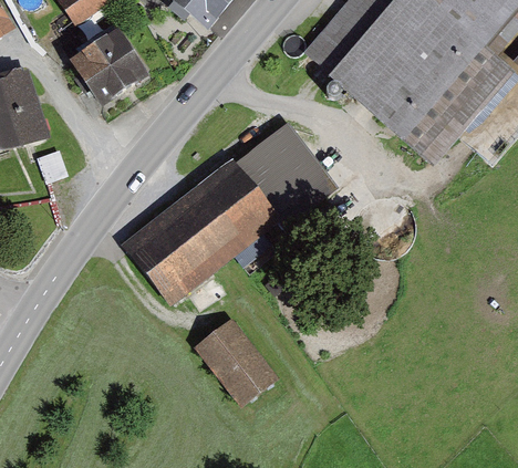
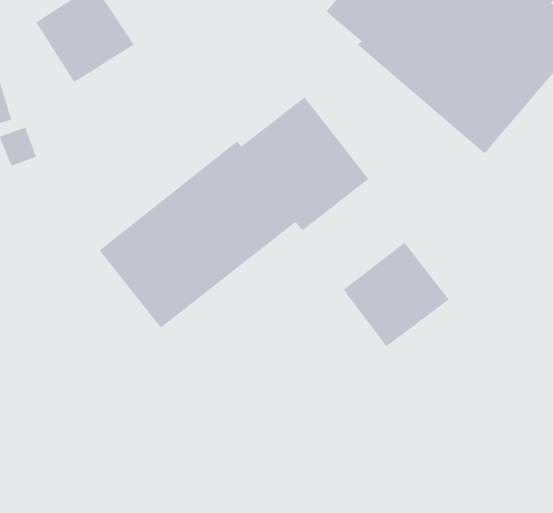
building: none -> [343,242,450,347]
building: [194,315,281,407] -> none

